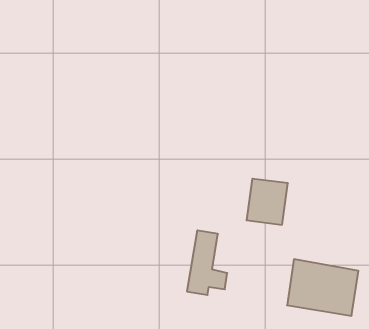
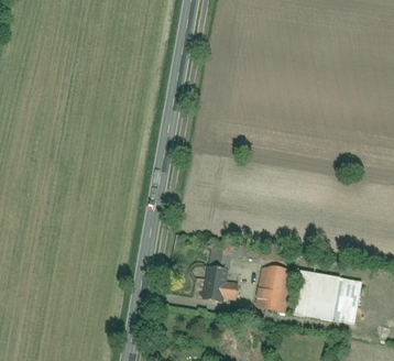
building: [246,179,288,225] -> [254,267,294,311]

